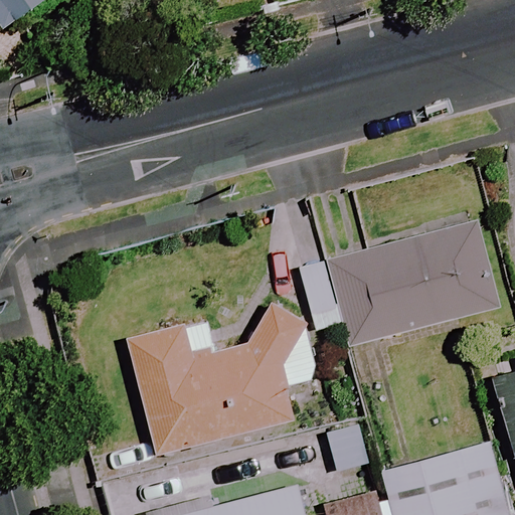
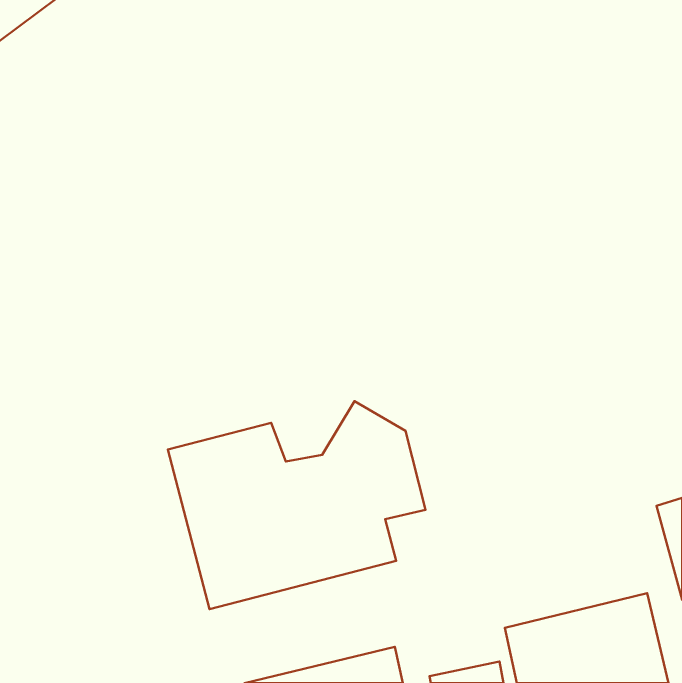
building: [329,221,500,347] -> none

